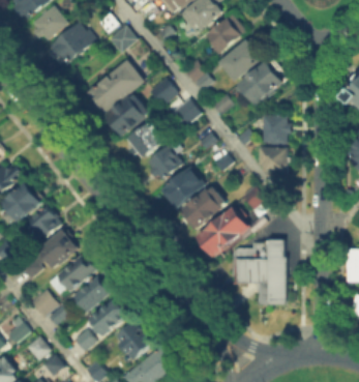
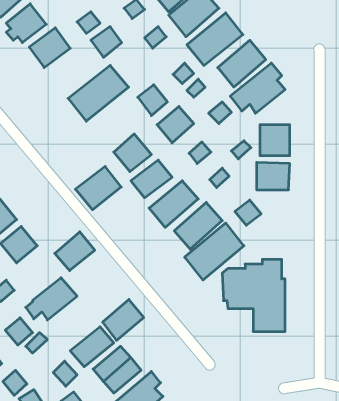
building: [107,96,148,136] -> [75,166,121,210]
building: [41,232,78,267] -> [55,232,95,271]
building: [74,276,112,314] -> [103,299,144,340]

